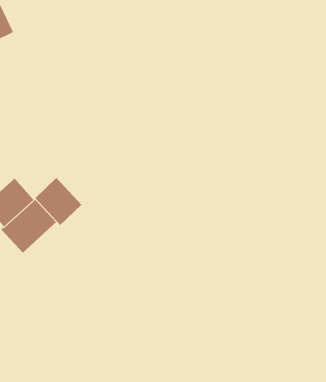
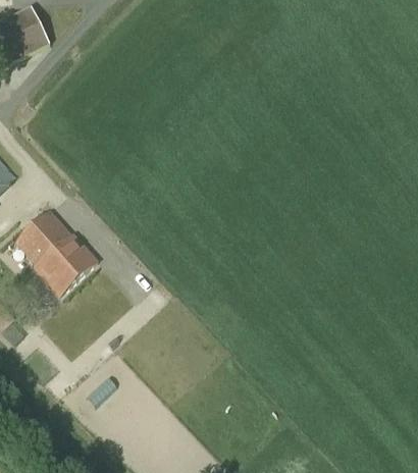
building: [35,177,82,226] -> none

